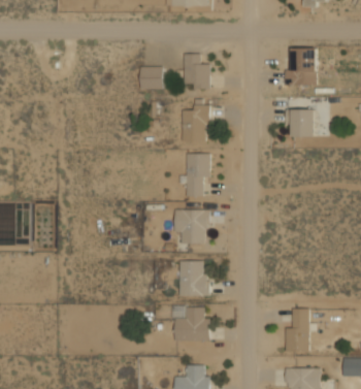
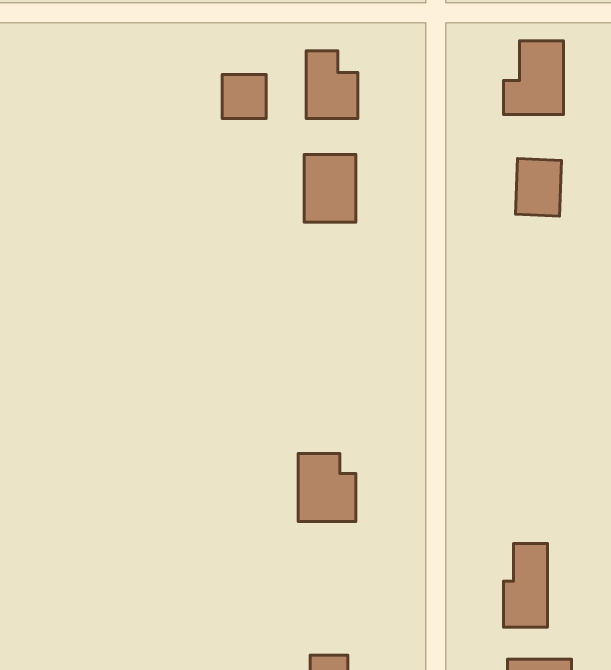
building: [183,154,214,196] -> none
building: [173,210,208,245] -> none
building: [173,309,208,343] -> none

